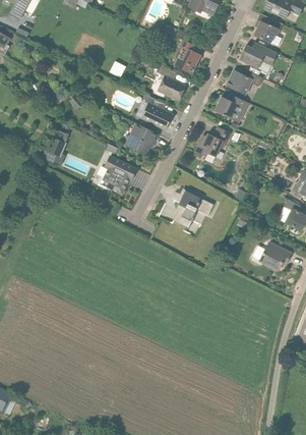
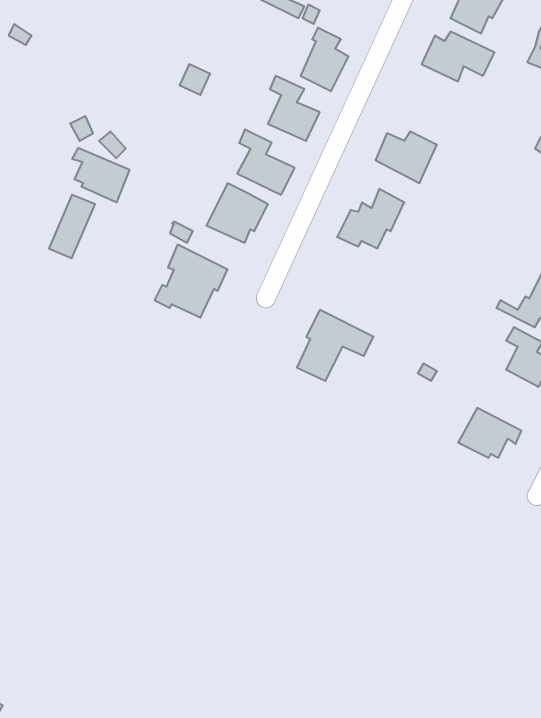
building: [228,70,263,94] -> none
building: none -> [72,148,129,202]

